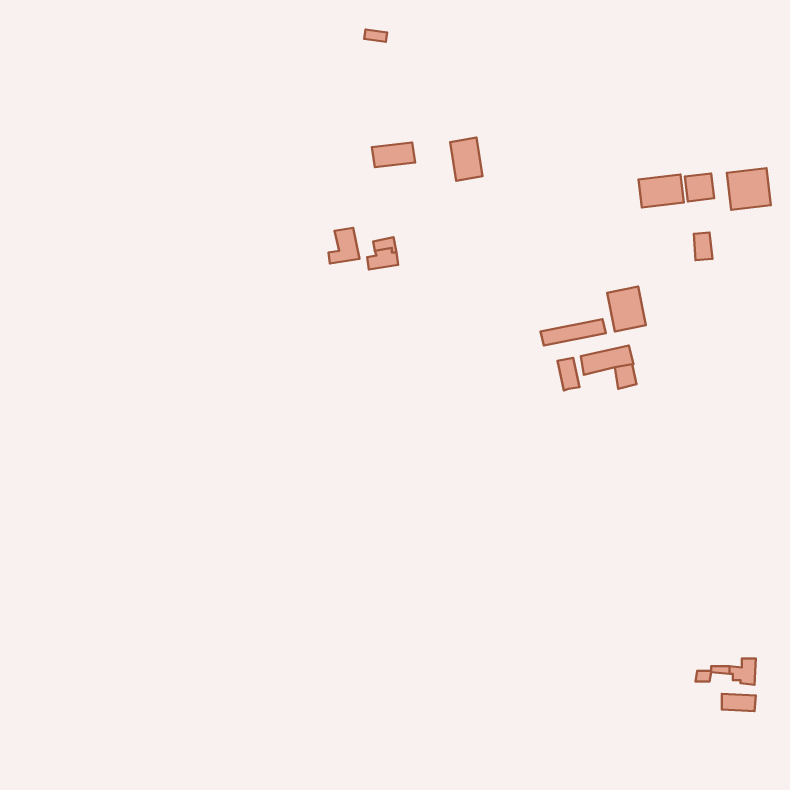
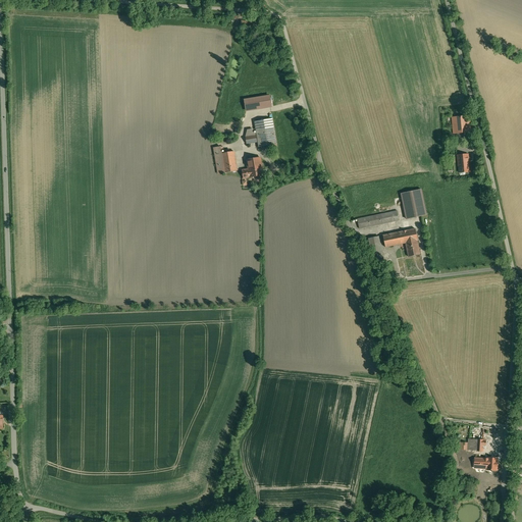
building: [450,138,483,181] -> [254,117,275,146]
building: [727,168,771,210] -> none
building: [639,175,684,207] -> none

